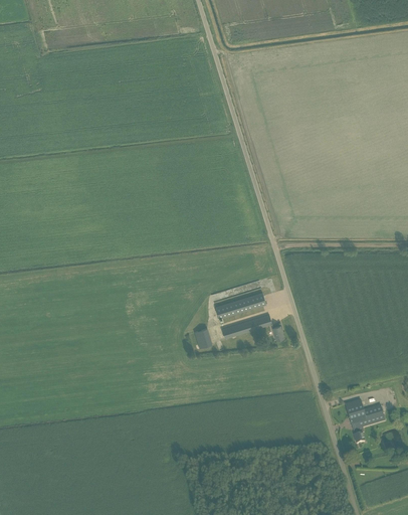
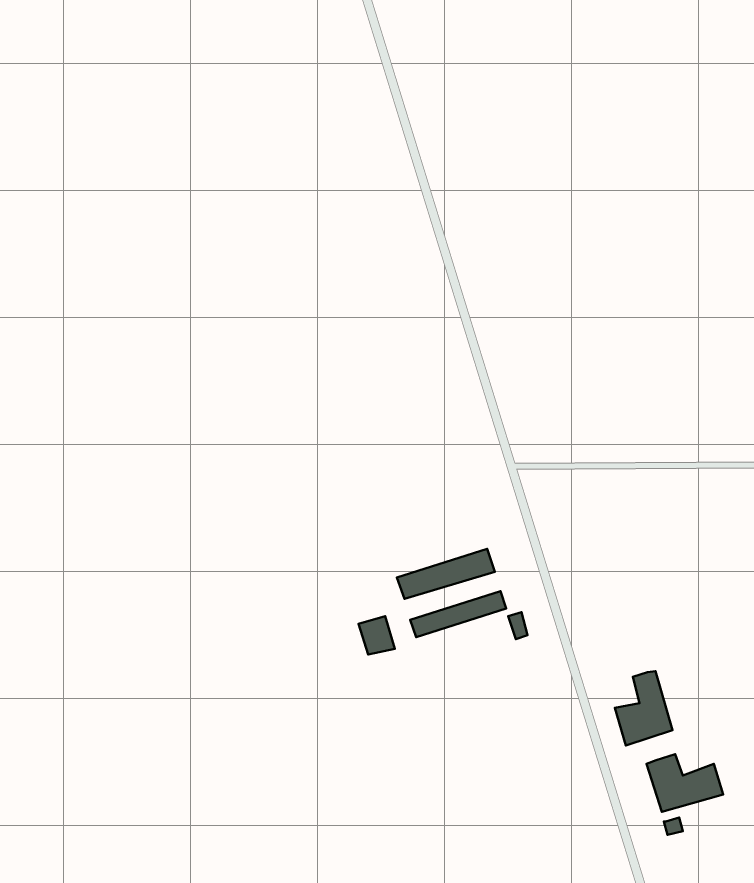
building: none -> [615,671,672,746]

